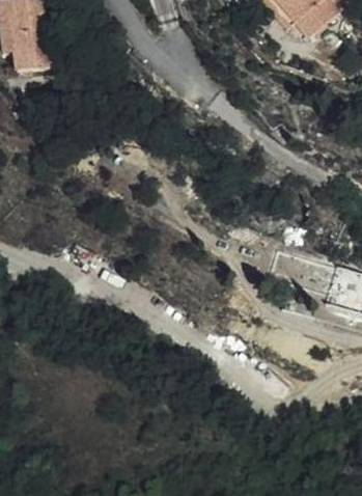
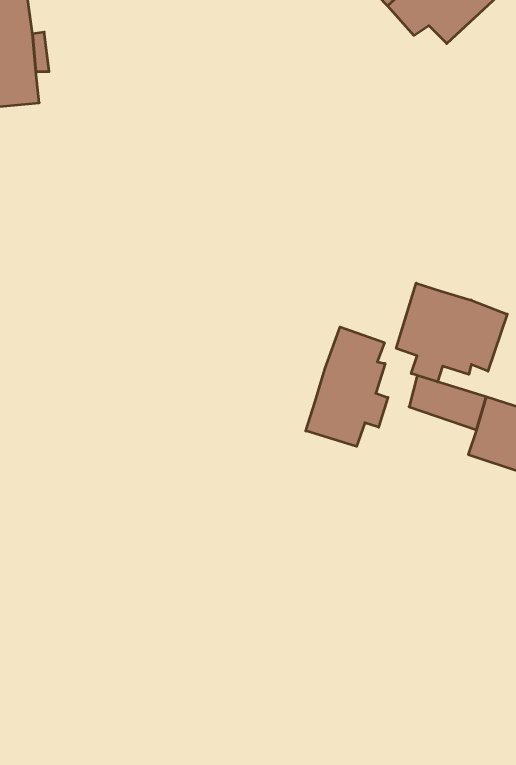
building: none -> [396,283,507,382]
building: none -> [306,327,388,446]

